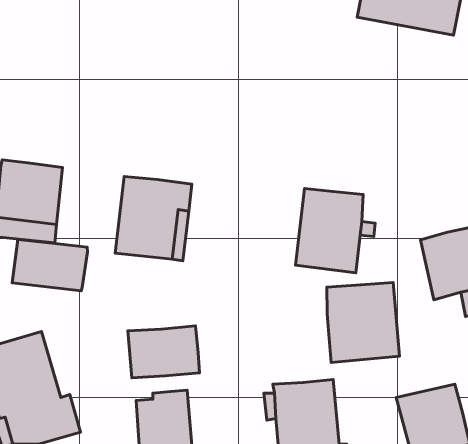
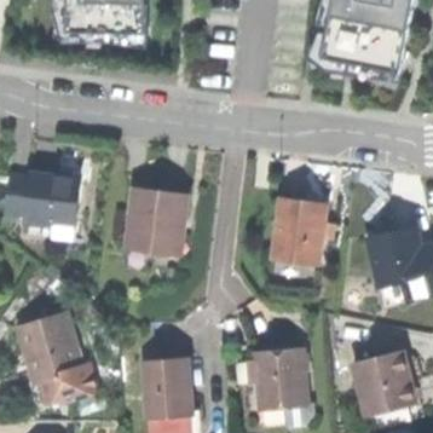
building: [12,239,87,291] -> none
building: [327,282,399,363] -> none
building: [128,326,200,378] -> none

